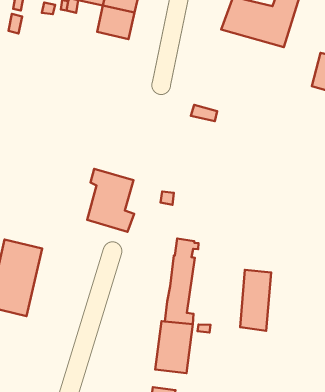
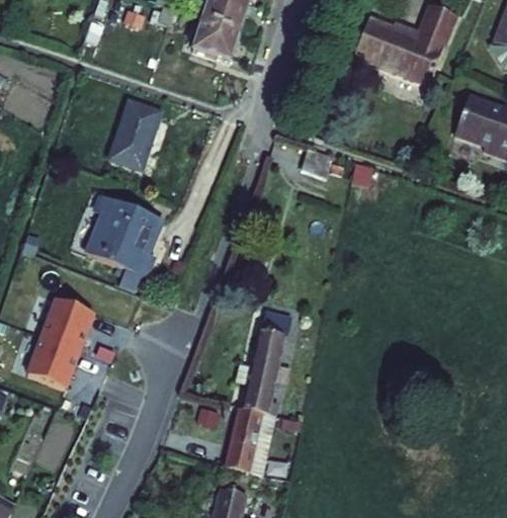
building: none -> [107,92,162,160]
building: [87,169,134,232] -> [92,193,153,273]
building: [240,270,271,331] -> none

